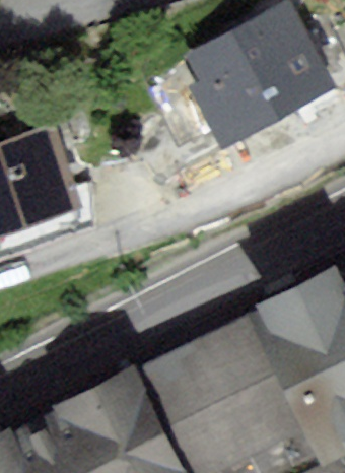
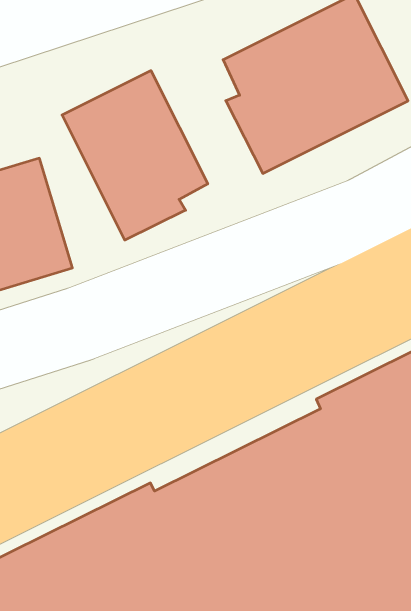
building: none -> [62,71,208,240]

